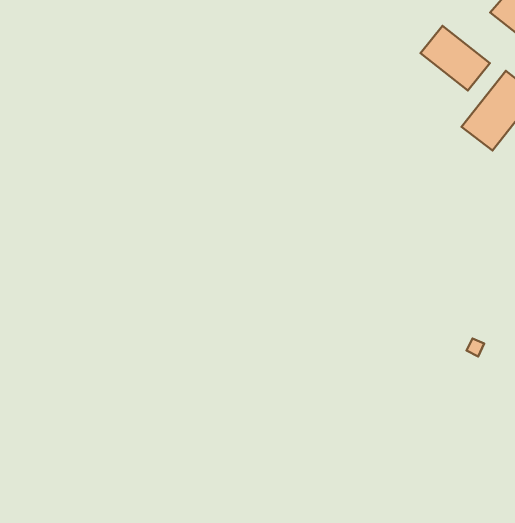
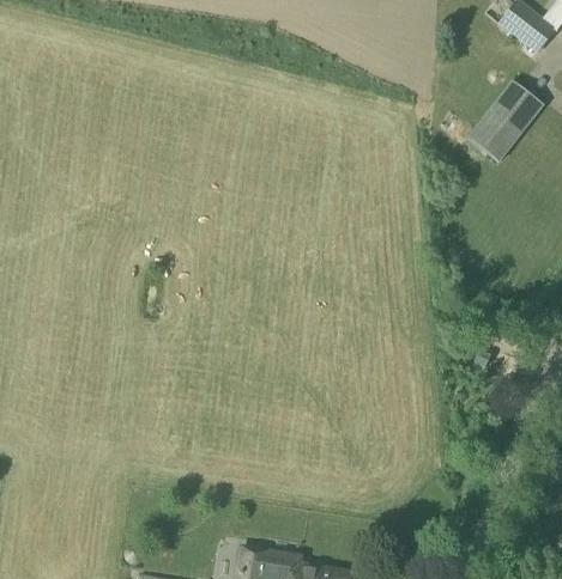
building: [421,26,490,90] -> none

